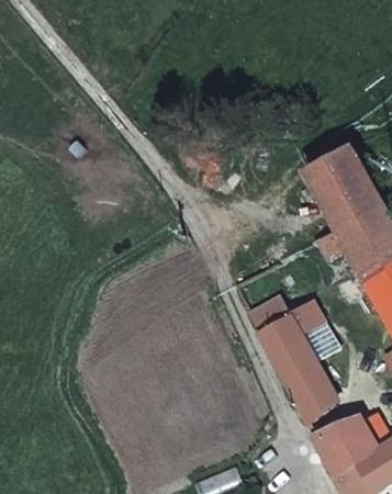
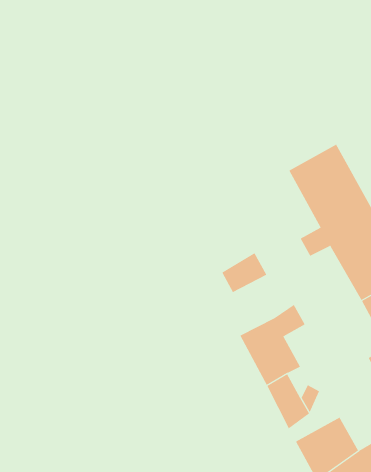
building: [245,294,290,334] -> [221,253,267,293]

